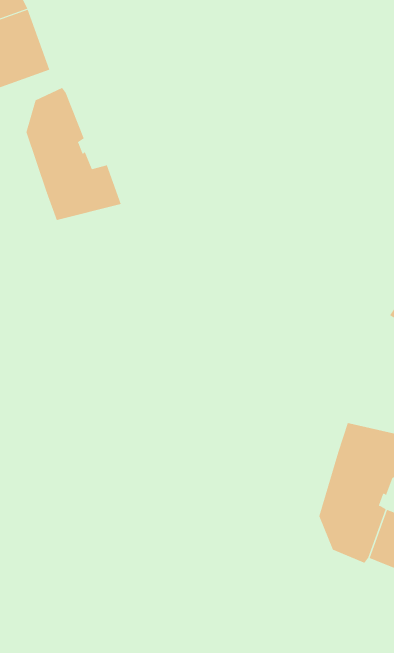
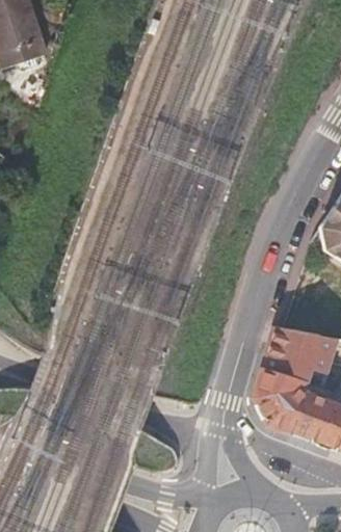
building: [26,87,121,221] -> none

